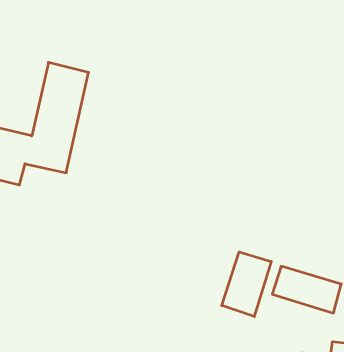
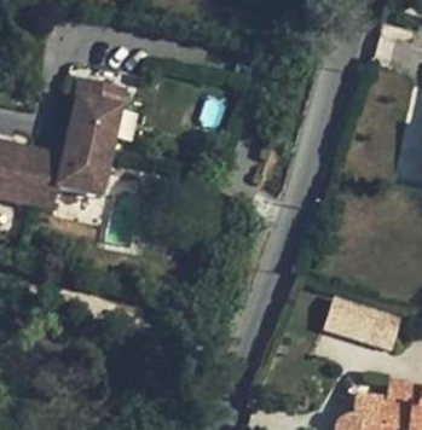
building: [222,252,271,317] -> none

